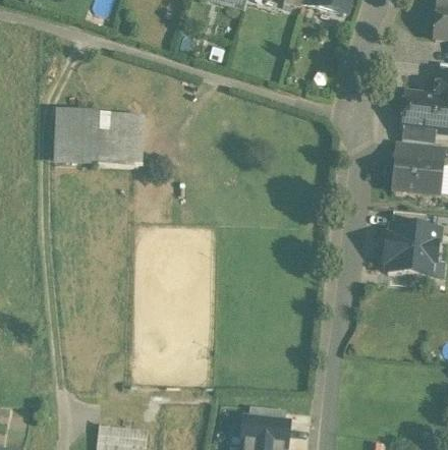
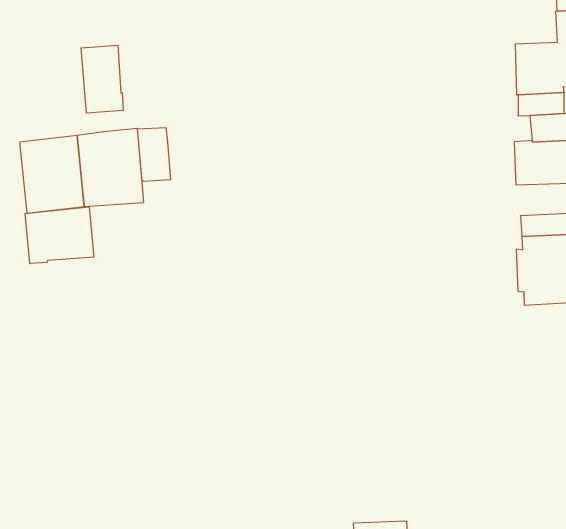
building: none -> [81,45,123,113]
building: none -> [138,128,171,181]
building: none -> [25,207,94,264]

